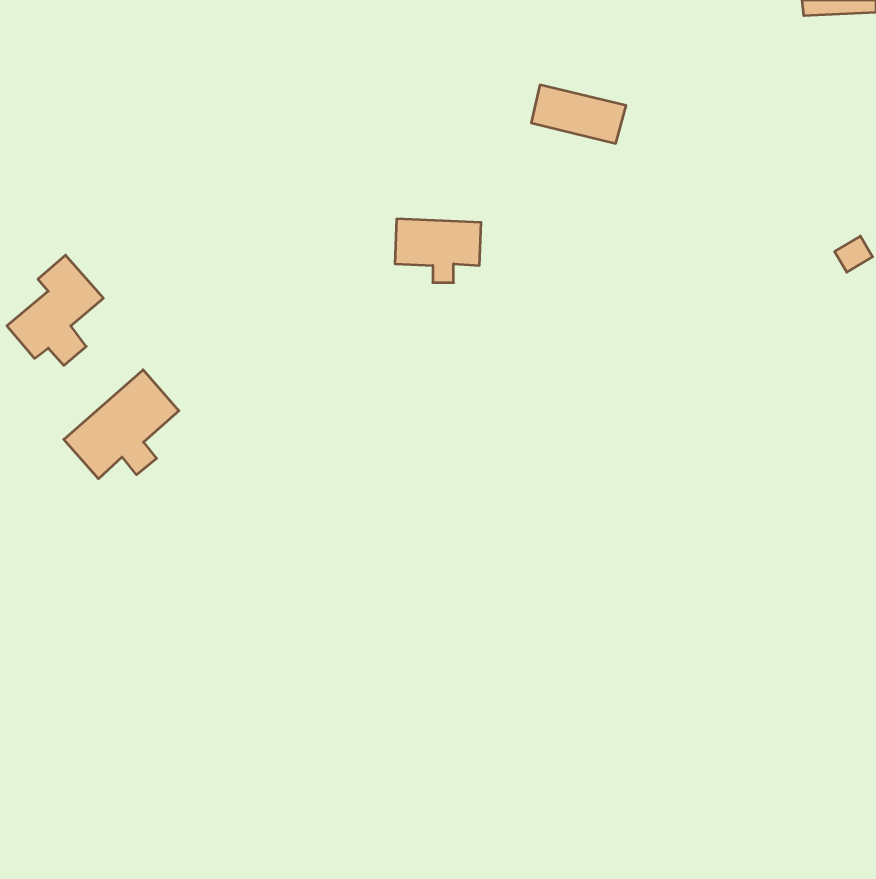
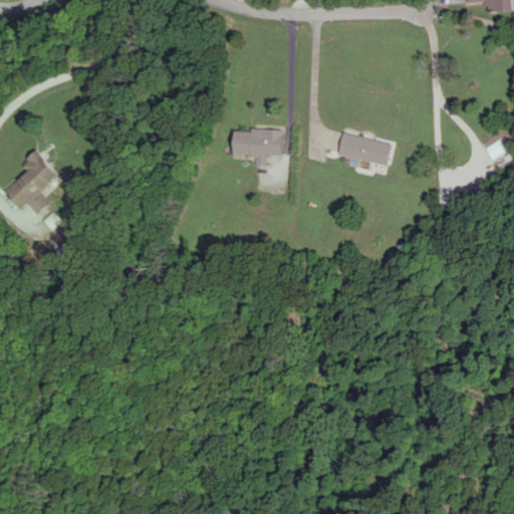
building: [531,85,626,143] -> [338,132,394,166]
building: [64,370,179,479] -> none

